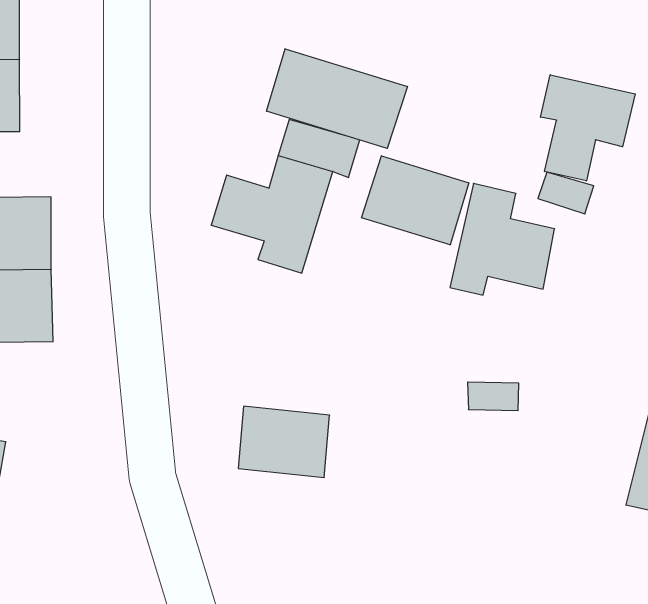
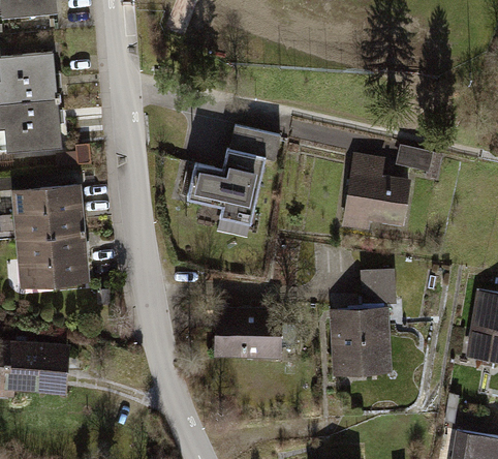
building: [267,49,407,148] -> none
building: [541,75,635,181] -> none
building: [362,156,469,245] -> none
building: none -> [336,312,384,369]

